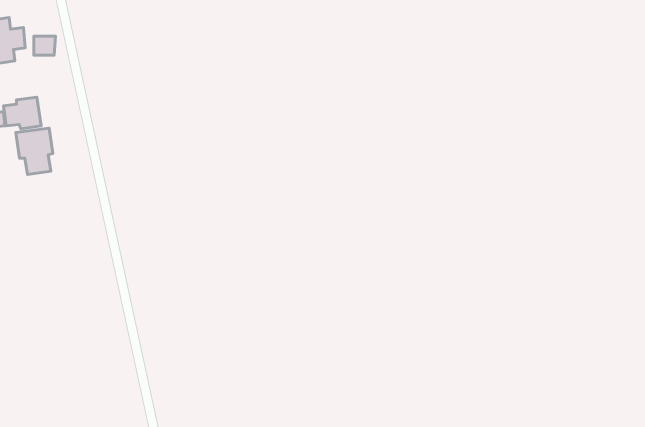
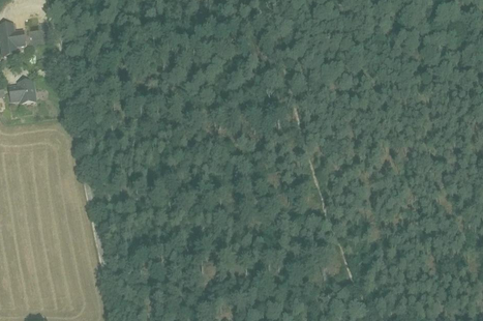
building: [16,128,53,174] -> none

